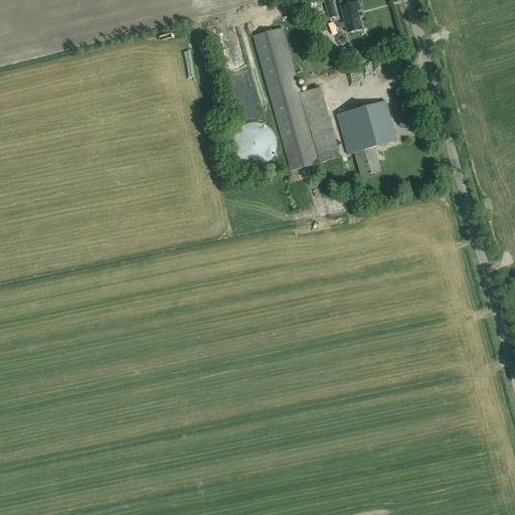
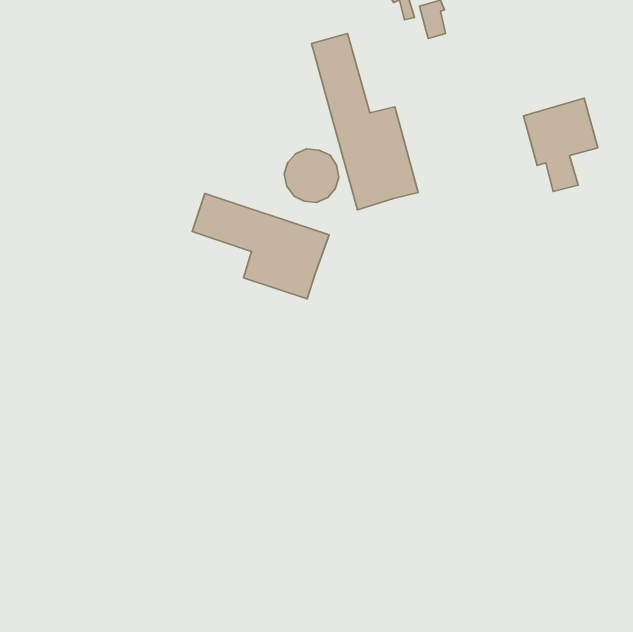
building: [336,100,396,175] -> [524,98,598,191]
building: none -> [192,194,329,299]

